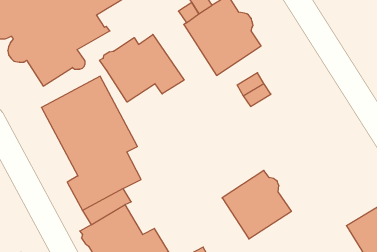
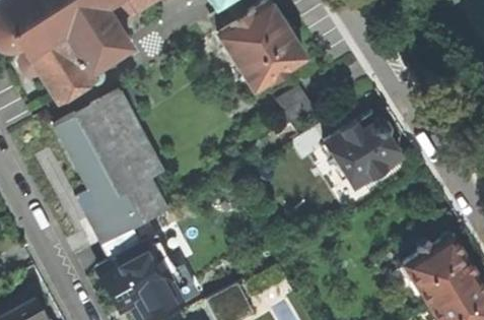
building: [100,34,184,102] -> none
building: [222,170,291,239] -> [325,111,404,189]

